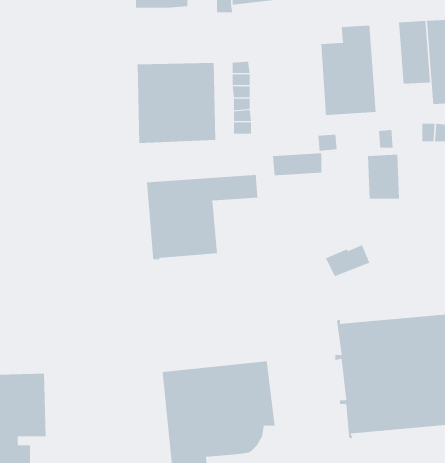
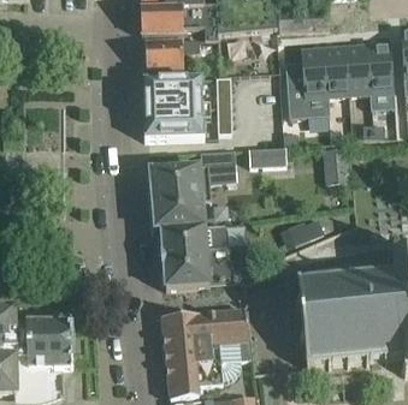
building: none -> [144,35,197,71]
building: none -> [323,43,348,113]
building: none -> [160,221,237,286]

